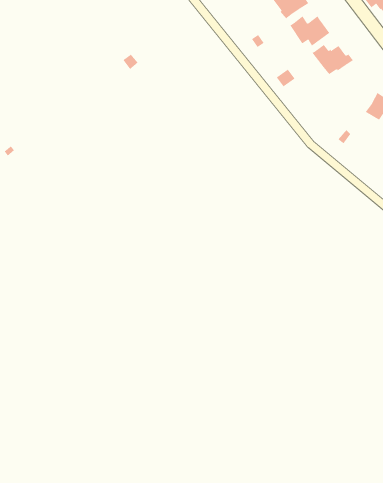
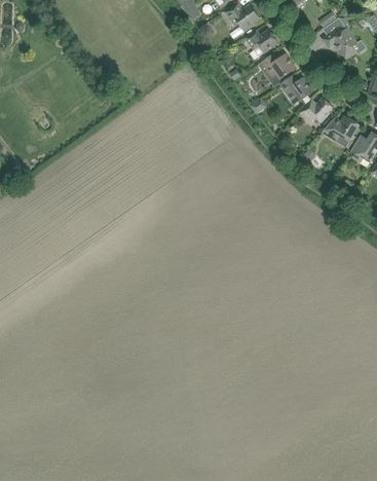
building: none -> [300,98,332,122]

